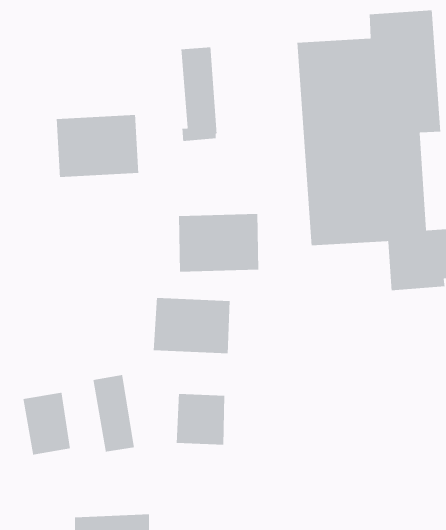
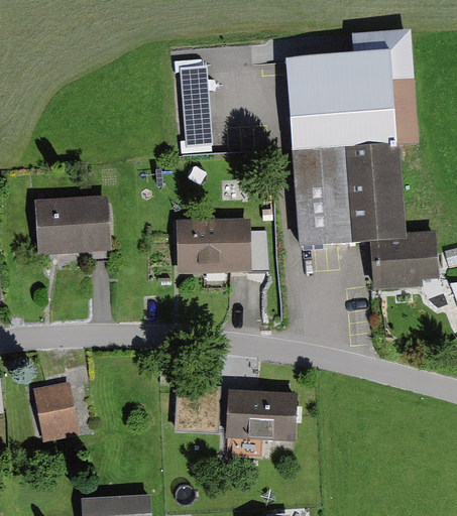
building: [56,114,139,178] -> [34,196,111,254]
building: [153,297,231,354] -> [226,389,298,441]
building: [93,374,135,453] -> none

